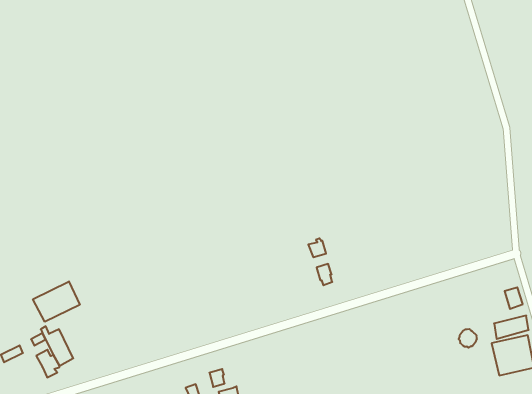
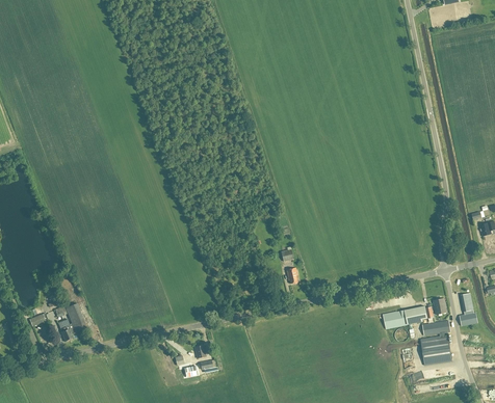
building: [33,281,80,322] -> none
building: none -> [383,306,433,329]

